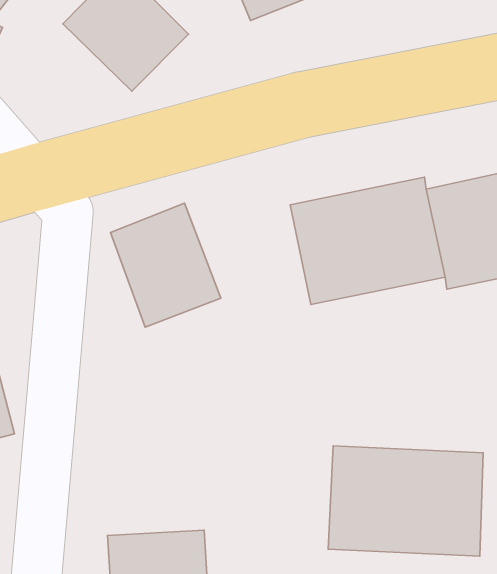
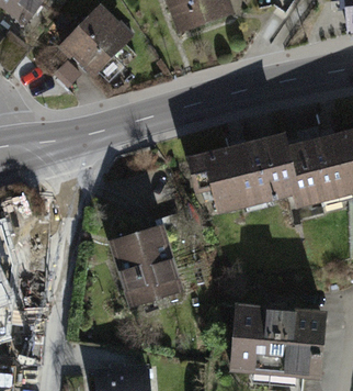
building: [111,203,221,327] -> [109,233,179,312]

